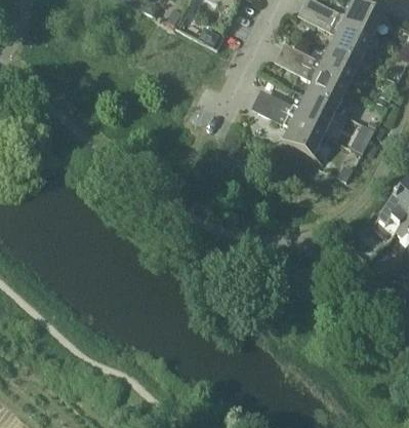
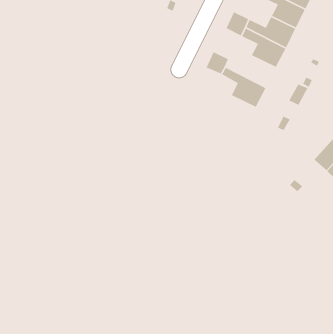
building: [280,91,339,129] -> none

